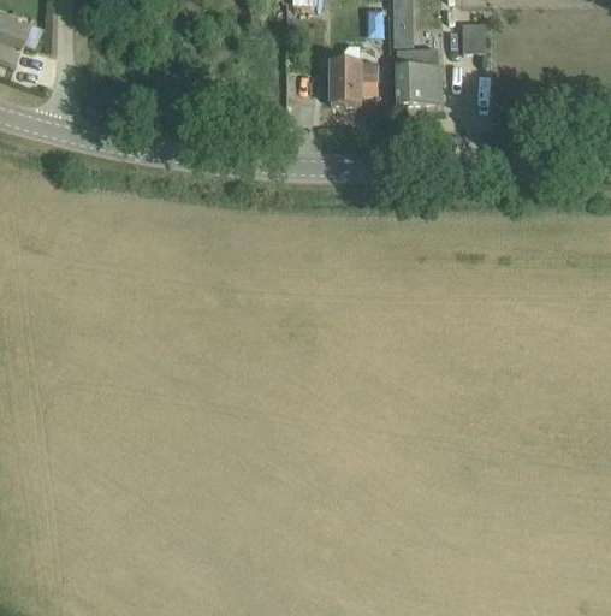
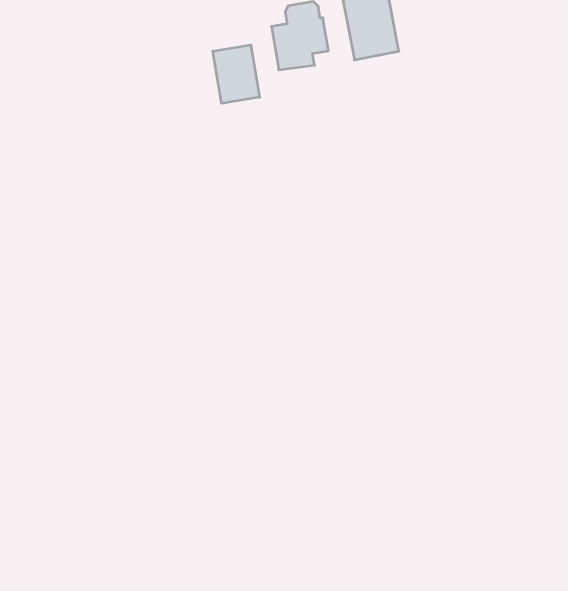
building: none -> [213,45,260,103]

